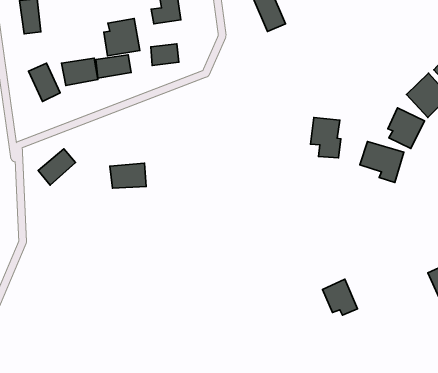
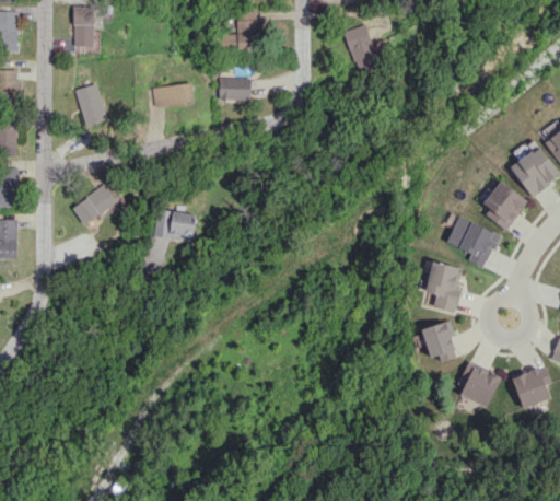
building: [104,19,140,56] -> none
building: [62,58,98,86] -> none
building: [310,117,341,158] -> [424,261,462,312]
building: none -> [455,362,500,408]
building: [322,279,358,315] -> [420,321,458,362]

